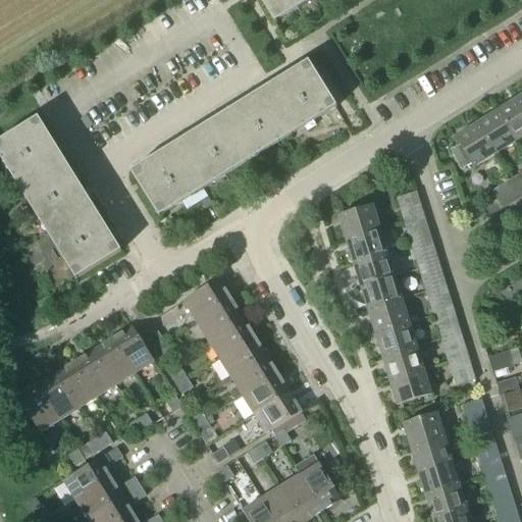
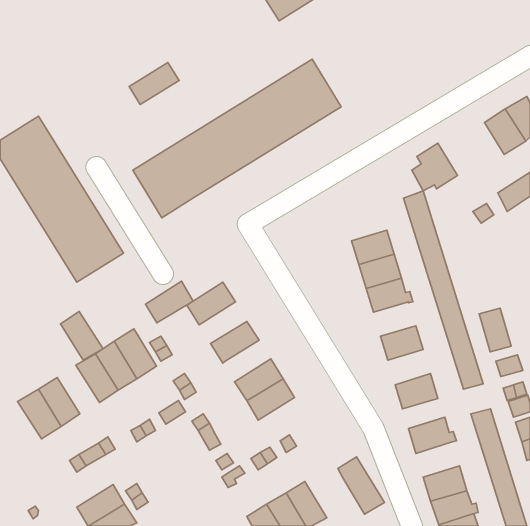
building: none -> [129,62,179,105]
building: [451,120,495,167] -> [412,143,457,191]
building: [338,203,380,237] -> none
building: [196,297,243,337] -> [145,281,193,323]
building: [367,297,409,330] -> none
building: none -> [479,308,511,352]
building: [219,334,266,375] -> none
building: [381,344,423,378] -> none
building: [56,359,98,407] -> [61,311,103,360]
building: [254,390,302,431] -> none
building: [409,434,452,469] -> none
building: [63,447,122,499] -> none
building: [295,453,341,509] -> [338,457,384,514]

